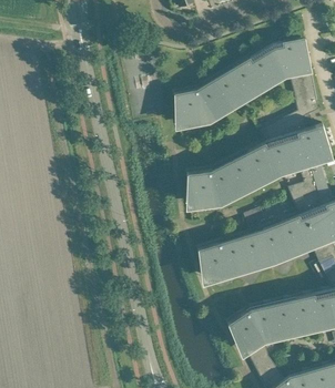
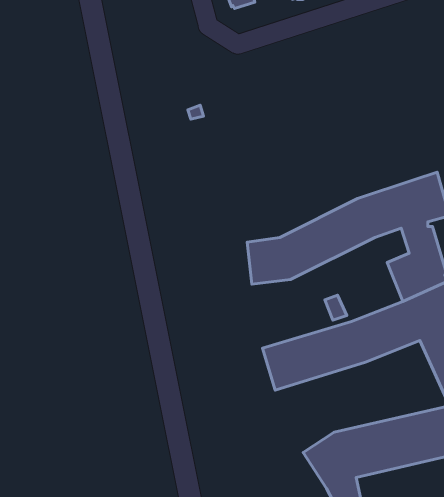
building: [174,37,318,143] -> none

